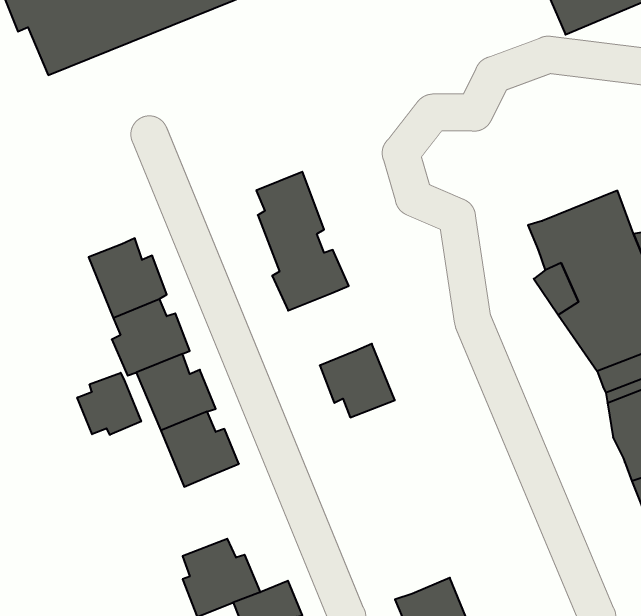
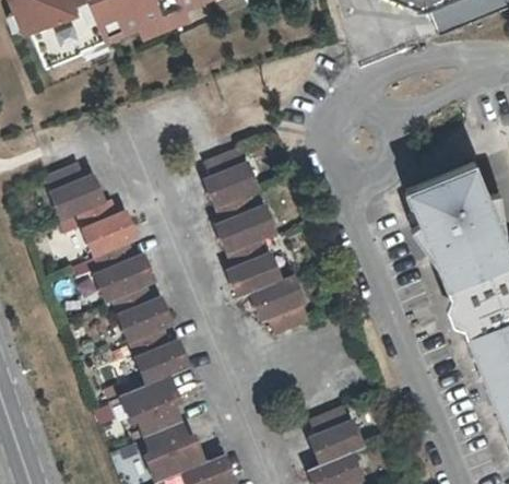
building: none -> [43,160,100,215]
building: none -> [226,236,277,296]
building: [77,373,141,435] -> none
building: none -> [122,374,180,435]
building: none -> [309,404,360,463]

